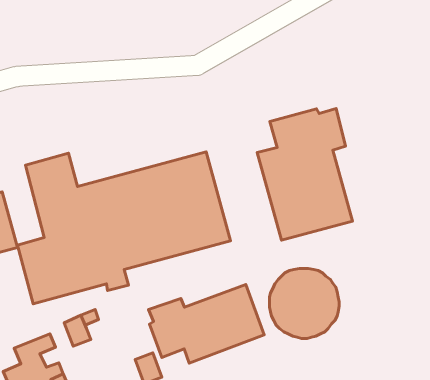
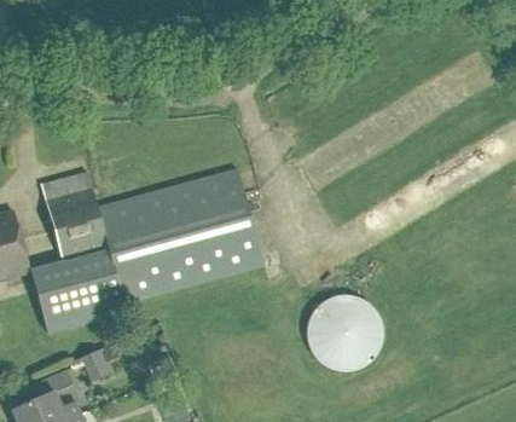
building: [257,109,353,240] -> none
building: [149,284,264,363] -> none

